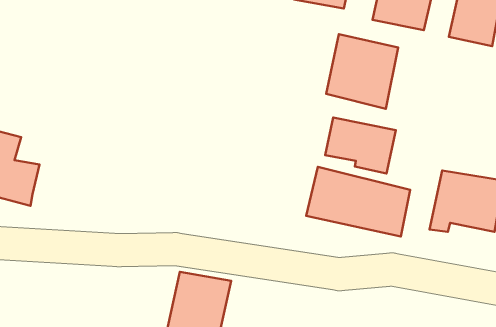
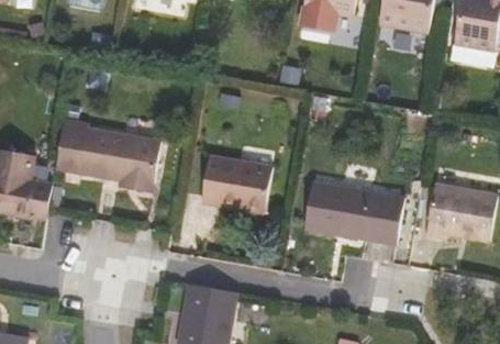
building: [326,34,398,109] -> none
building: none -> [56,120,165,180]
building: [325,118,396,173] -> [209,144,277,198]

